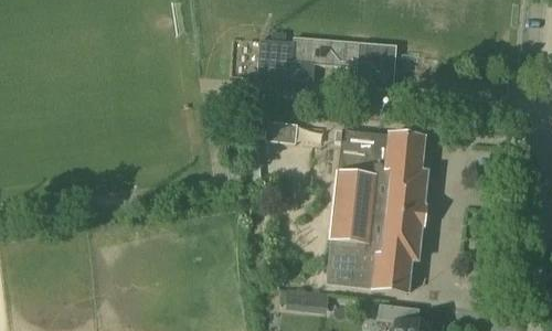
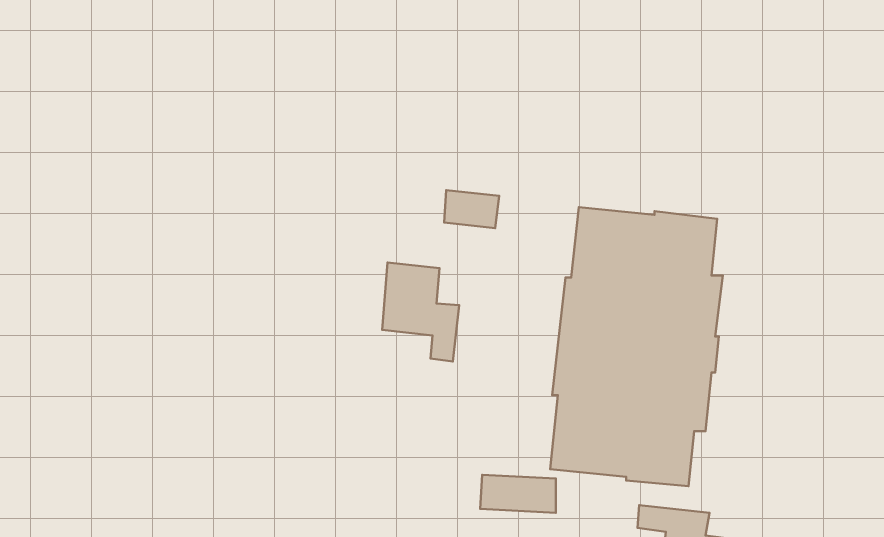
building: [256,36,396,90] -> none
building: none -> [382,262,459,362]

